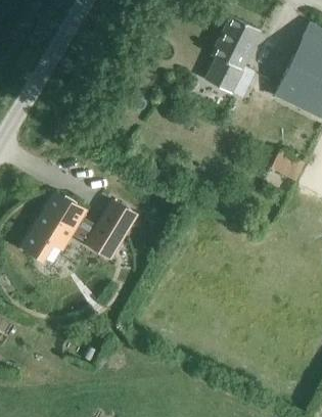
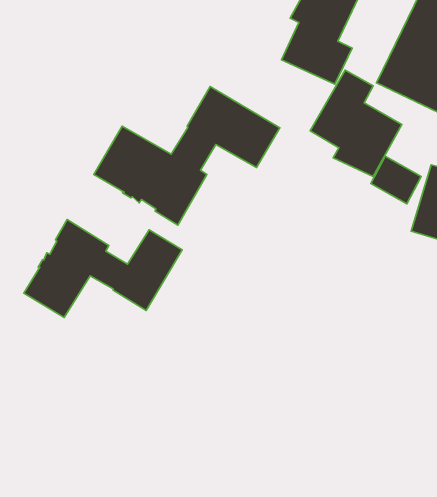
building: none -> [310,70,402,176]
building: none -> [94,86,280,225]

